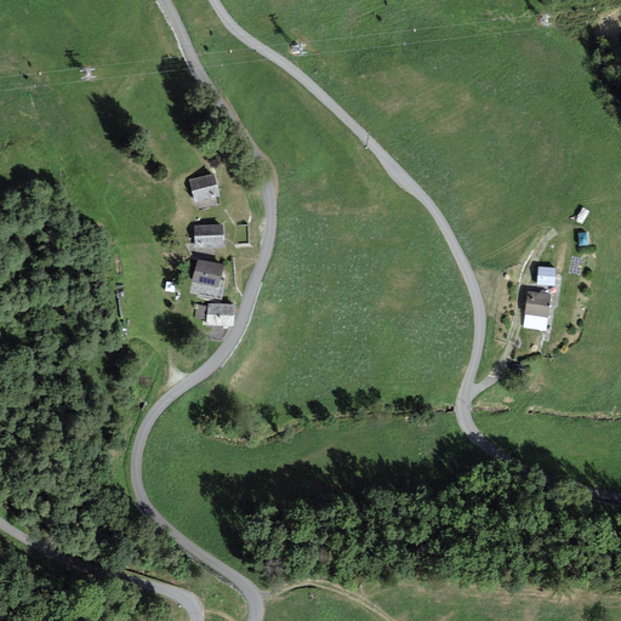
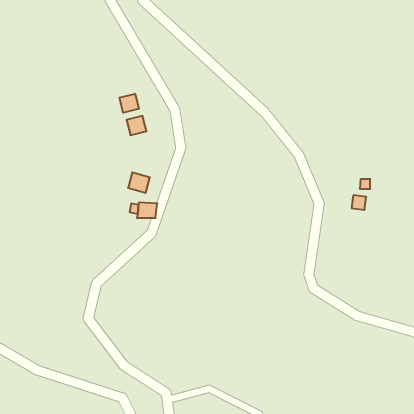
building: none -> [119,94,139,113]
building: [194,224,224,247] -> none

